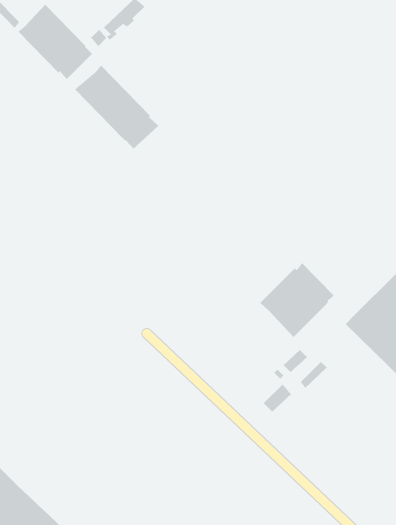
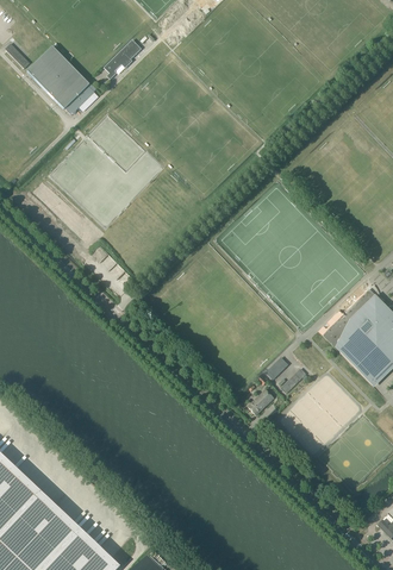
building: [74,64,159,149] -> none
building: [259,262,334,338] -> none

